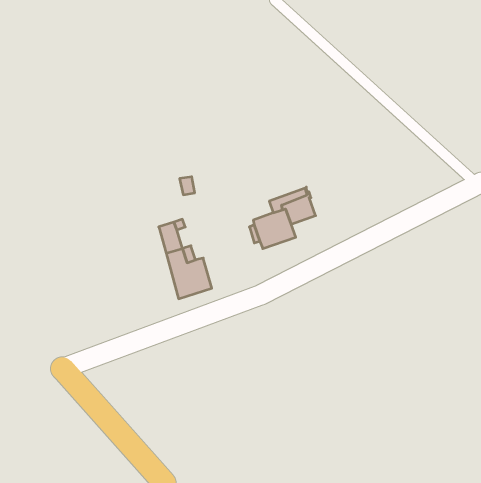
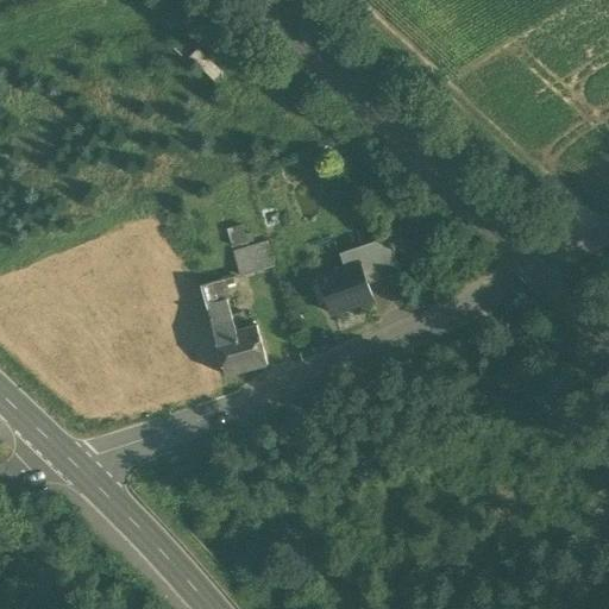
building: none -> [232,243,272,276]

